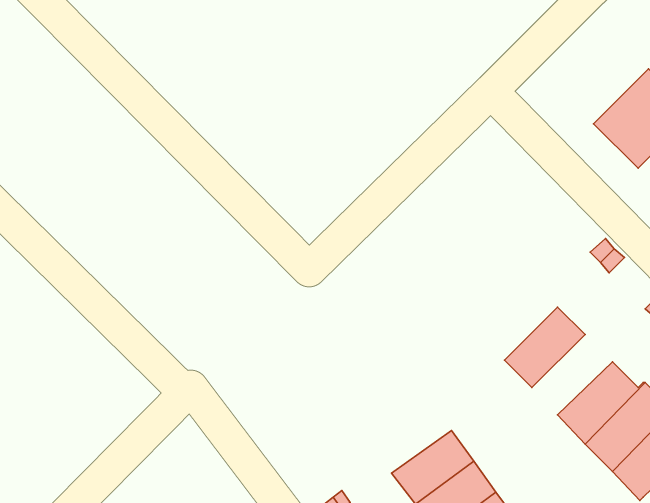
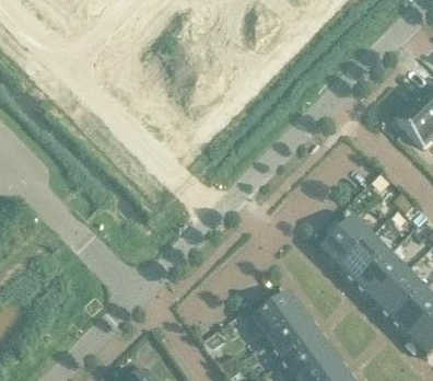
building: none -> [319,216,372,267]
building: none -> [355,251,407,302]
building: none -> [250,290,304,339]

